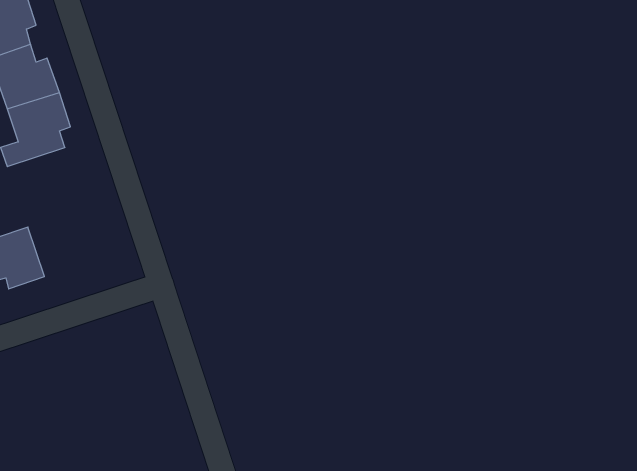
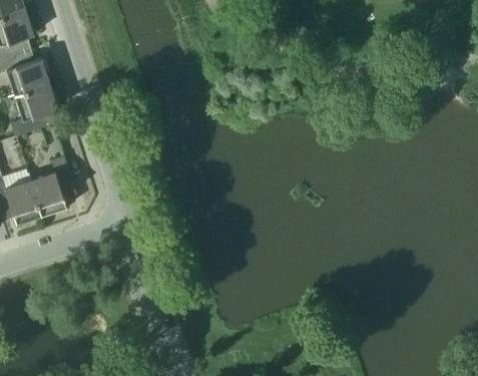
building: none -> [26,154,73,216]

